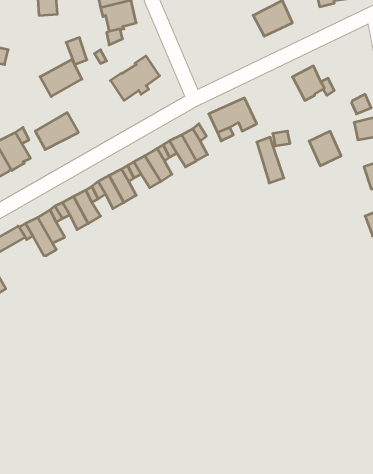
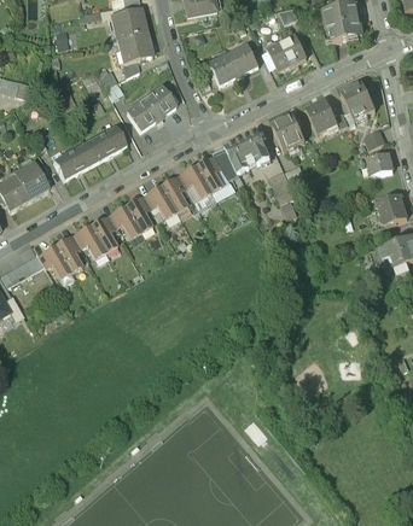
building: none -> [208,45,257,83]
building: none -> [341,81,374,117]
building: [40,60,82,97] -> [85,127,126,163]
building: [309,131,341,166] -> [272,113,303,147]

